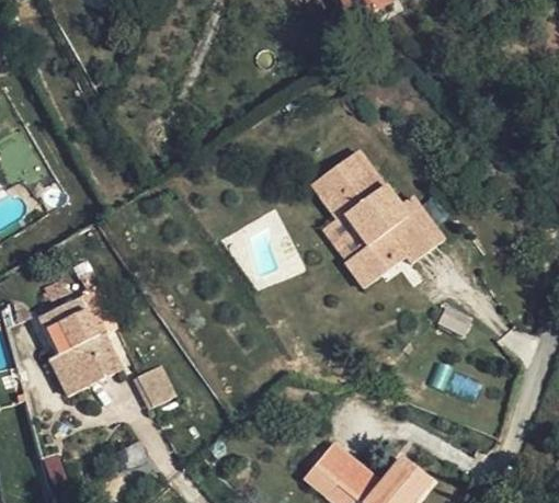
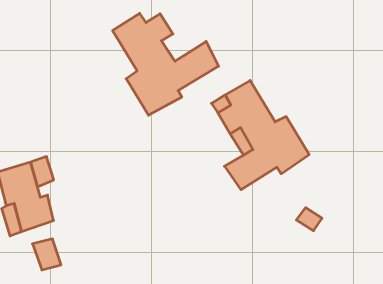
building: none -> [113,13,219,115]
building: [134,362,174,403] -> [32,239,61,270]

